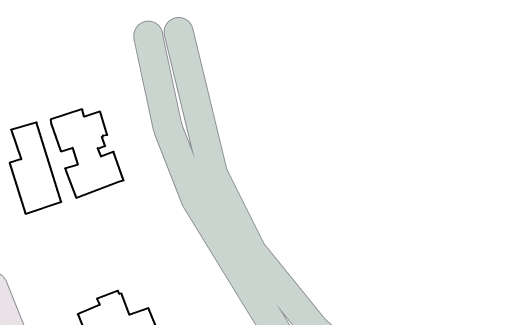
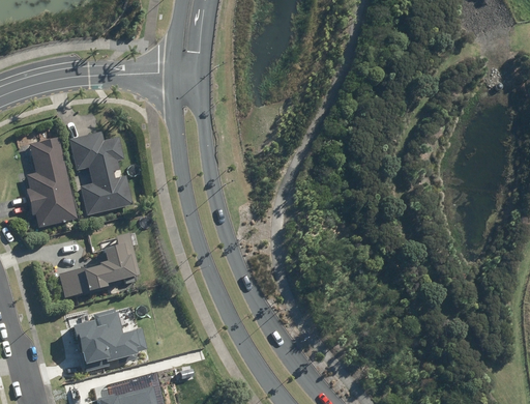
building: none -> [58,232,140,298]

